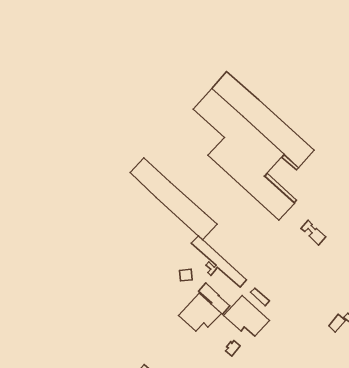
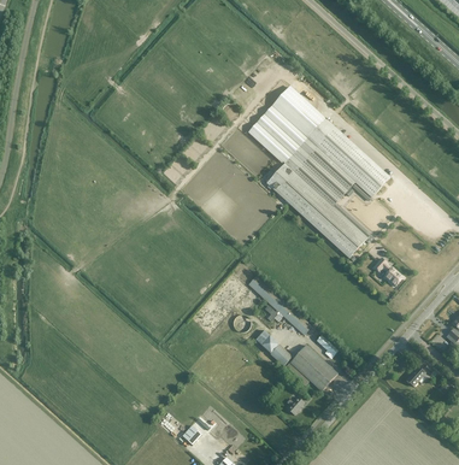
building: [130,158,217,240] -> none
building: [178,293,221,331] -> none

